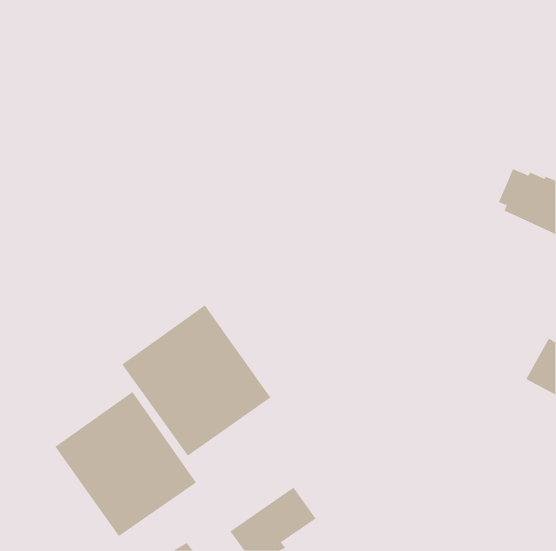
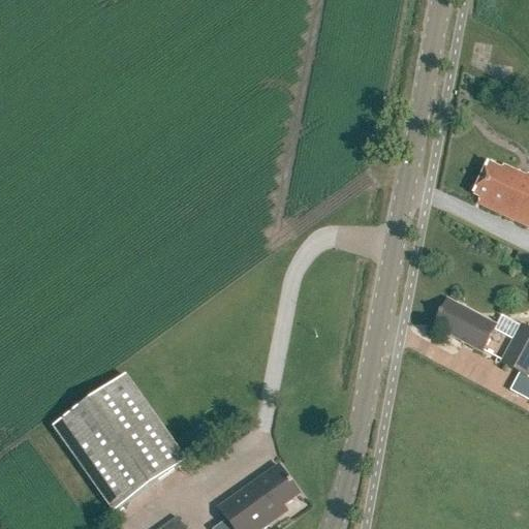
building: [121,305,271,457] -> none
building: none -> [434,295,498,350]

